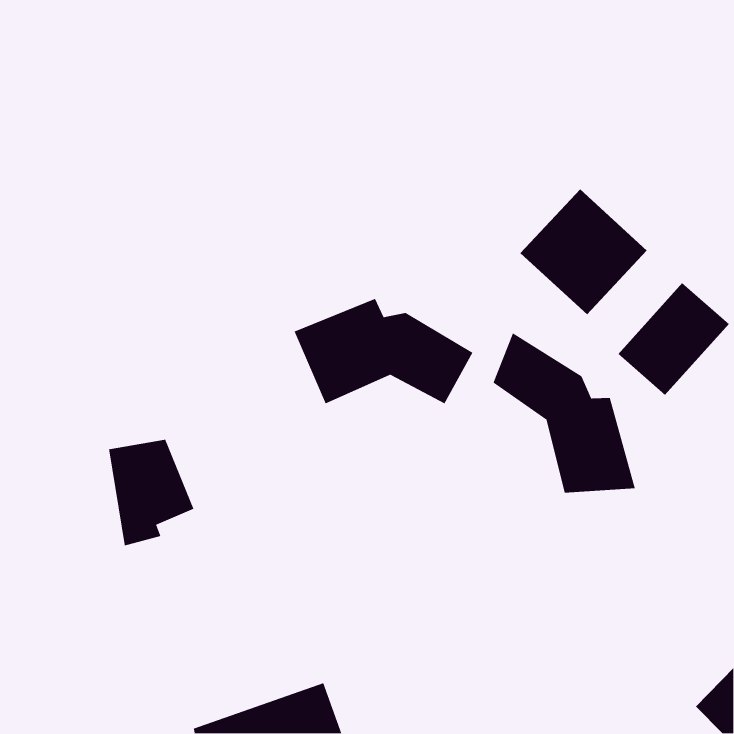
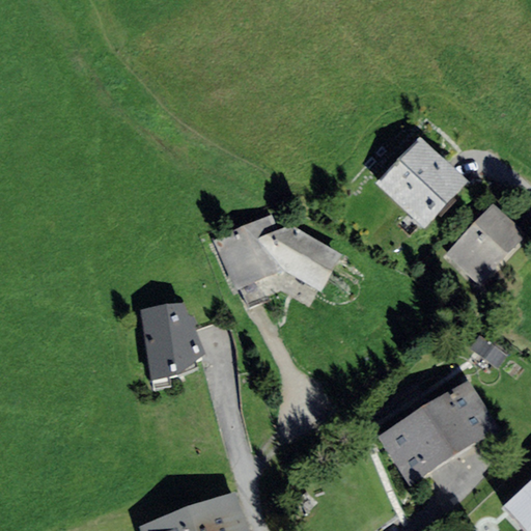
building: [492,332,636,494] -> none
building: [108,439,195,547] -> [141,302,203,380]
building: none -> [379,380,498,484]

